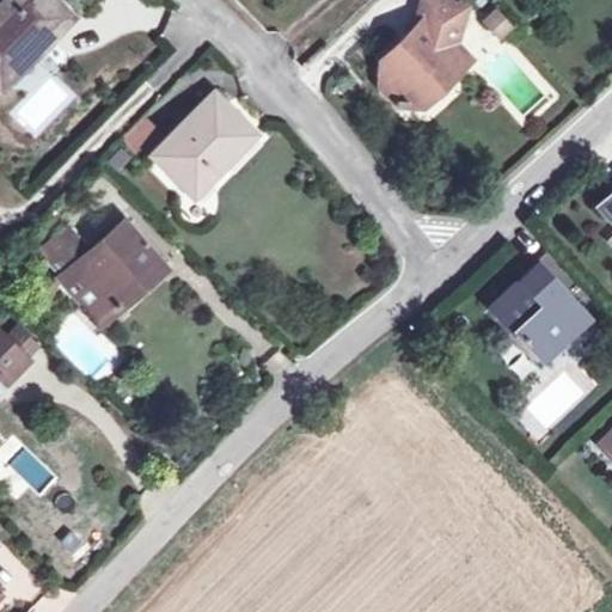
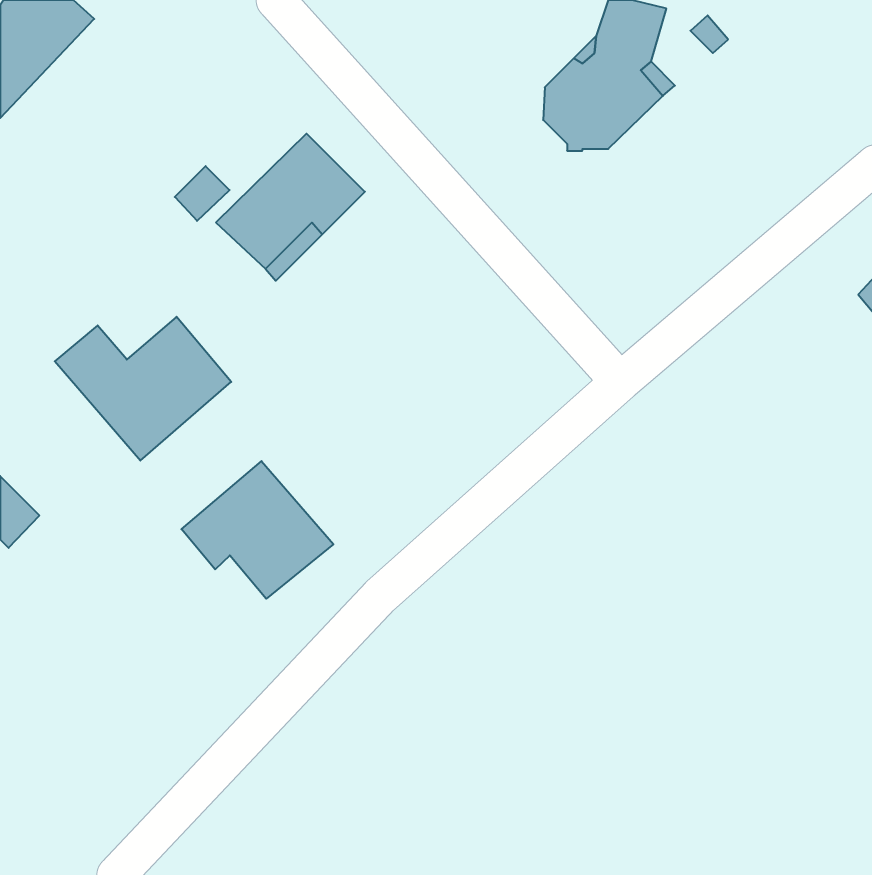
building: [491,264,586,356] -> none
building: none -> [181,461,333,599]

